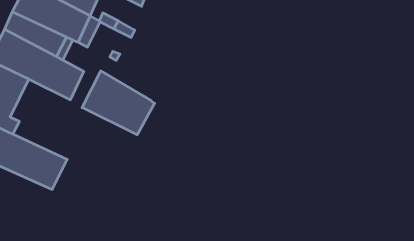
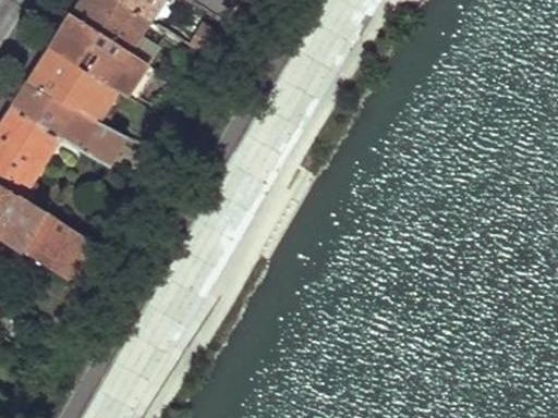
building: [82,71,155,135] -> none

